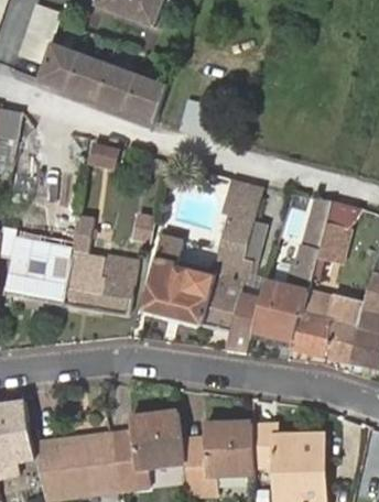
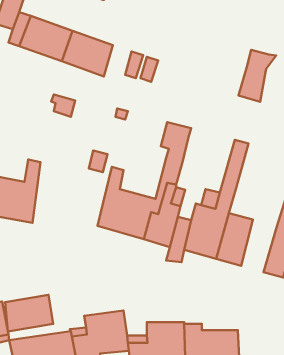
building: [316,205,362,269] -> [239,50,276,102]
building: [65,214,138,315] -> none
building: [323,298,367,363] -> none
building: none -> [5,295,53,331]

